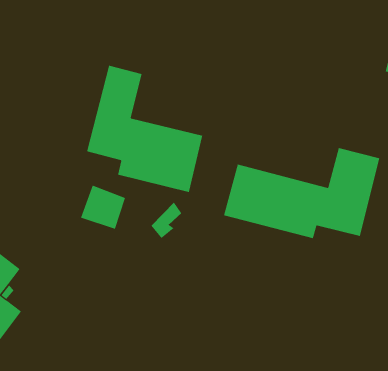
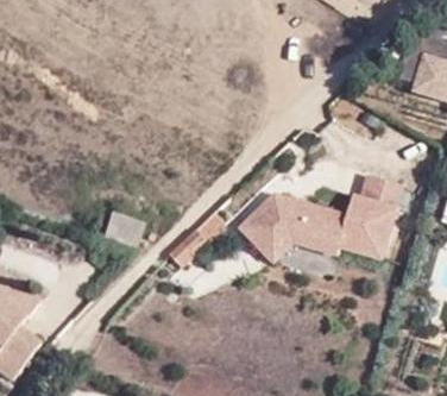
building: [87,65,203,193] -> none

